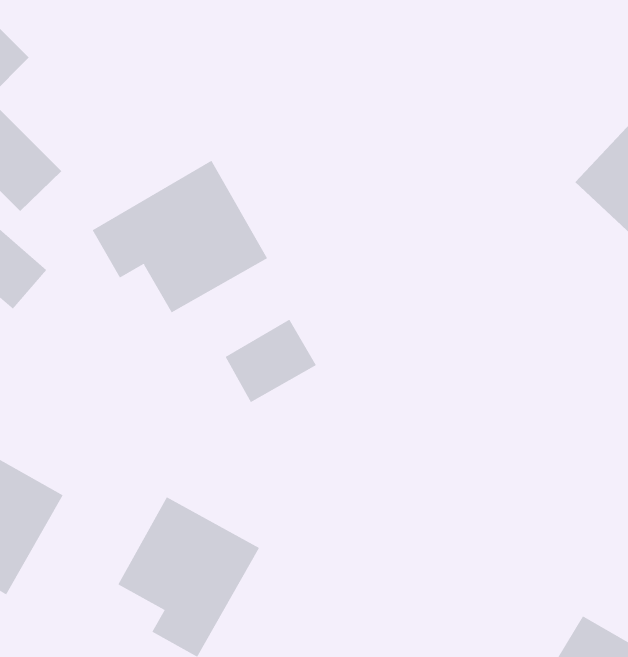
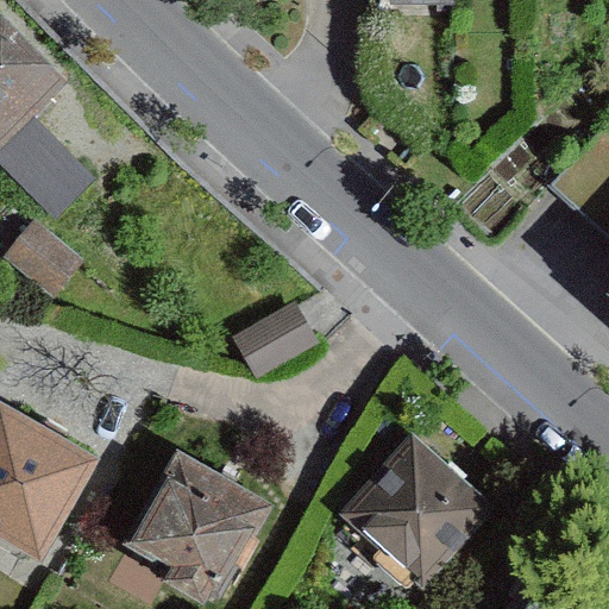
building: [92,160,268,313] -> none
building: none -> [351,441,489,578]

